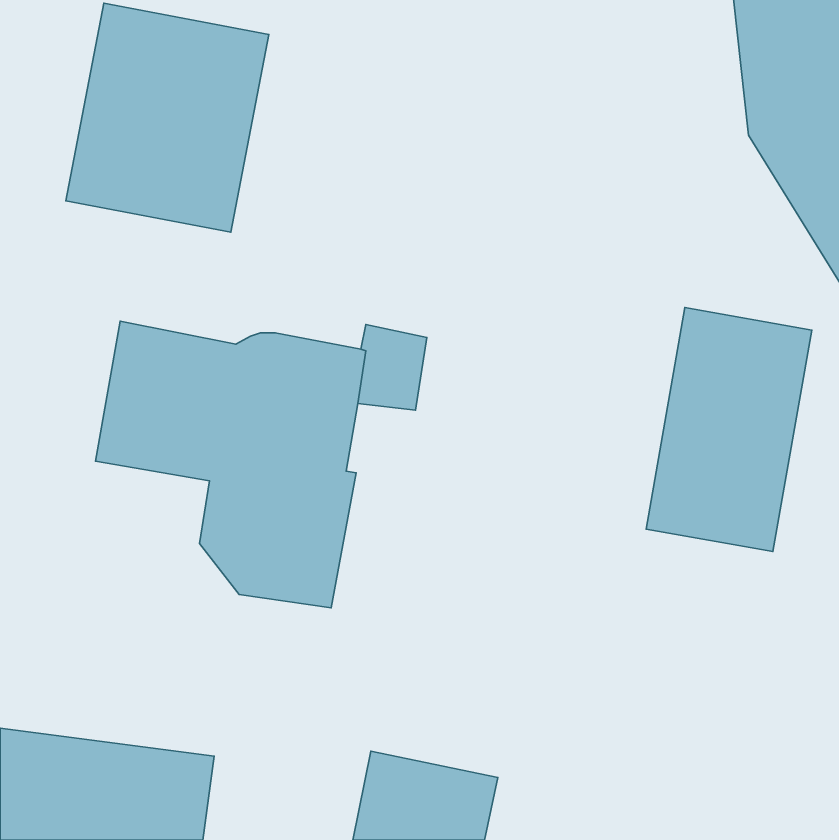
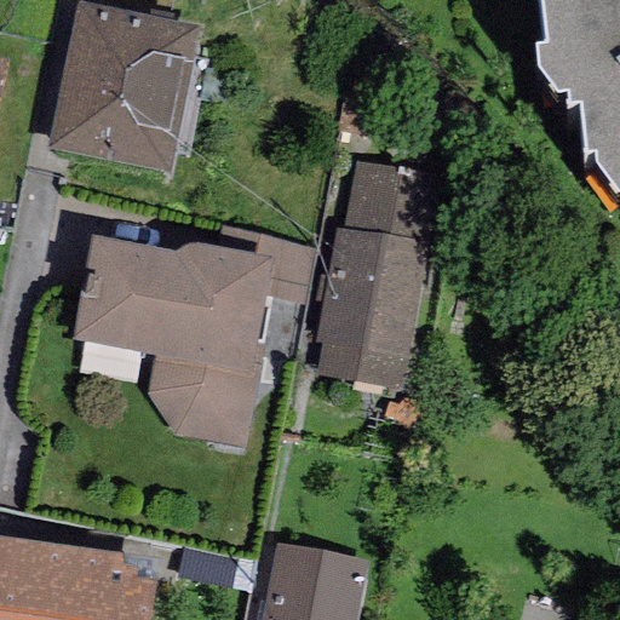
building: none -> [316,161,442,390]
building: [646,308,812,552] -> none

